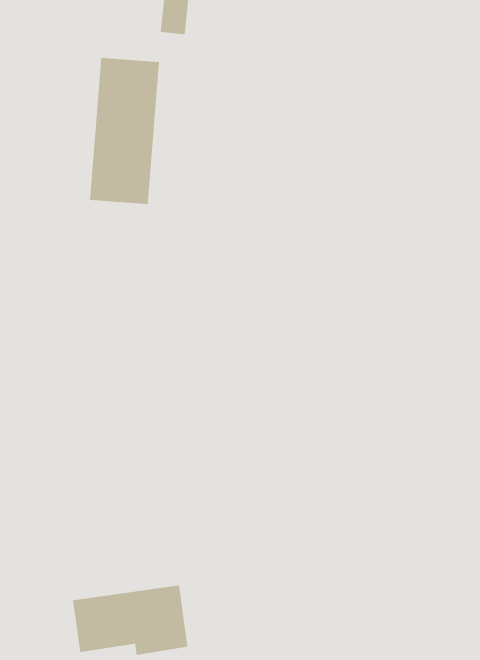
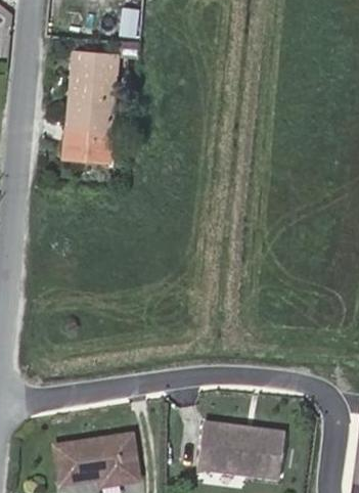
building: none -> [195,422,284,476]

